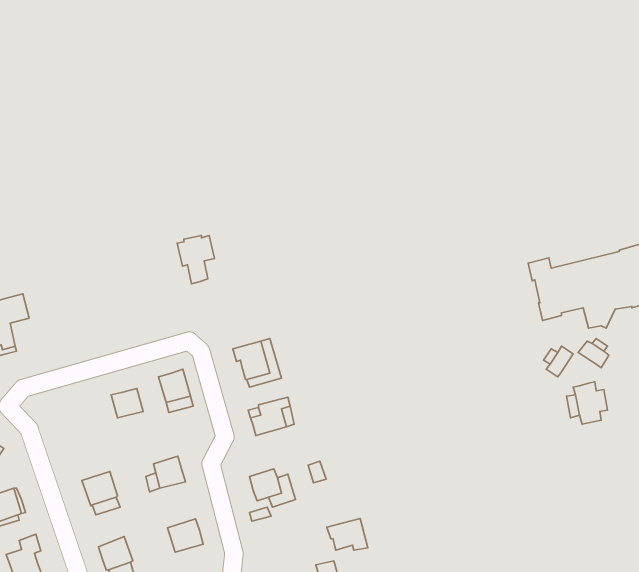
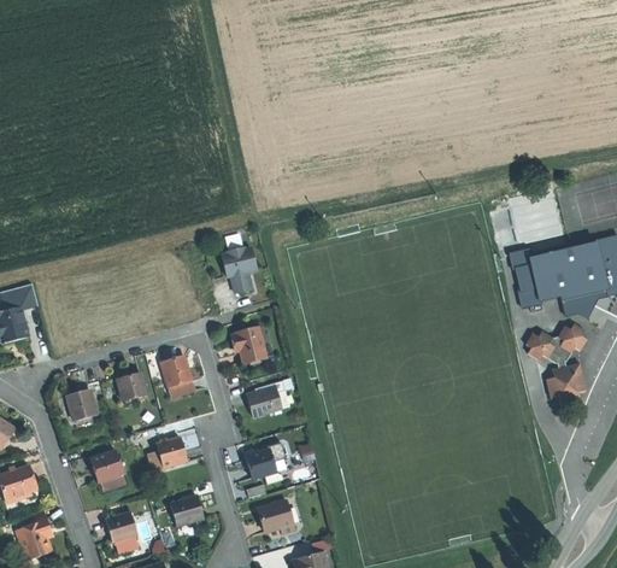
building: [177,235,214,284] -> [223,247,258,293]
building: none -> [541,338,574,364]
building: none -> [67,387,98,418]
building: [327,518,368,550] -> [255,500,294,531]

